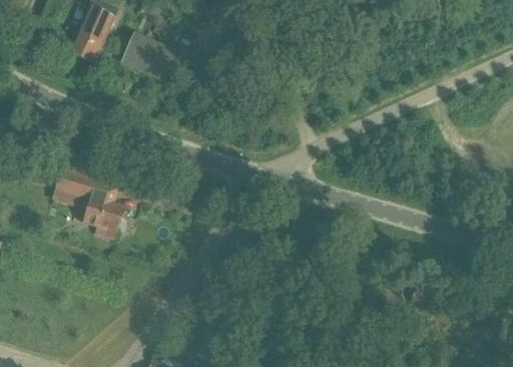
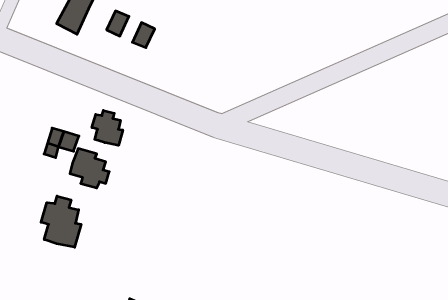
building: none -> [92,110,123,145]
building: none -> [41,196,81,247]

